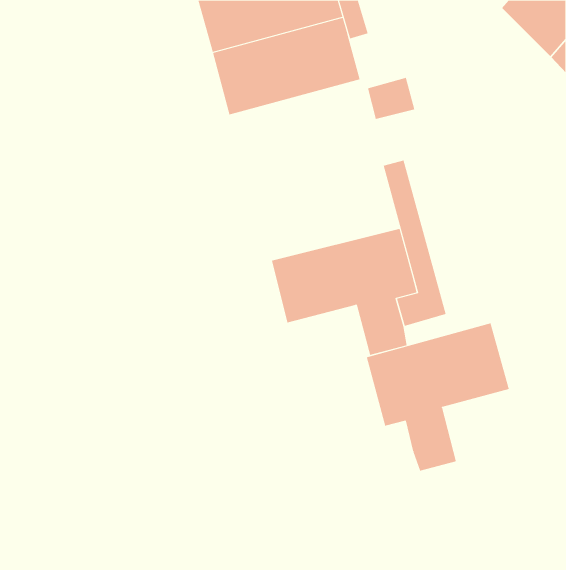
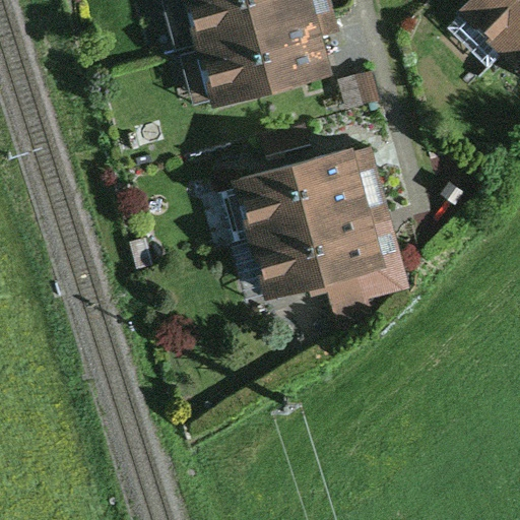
building: none -> [231,146,365,238]
building: [366,322,509,471] -> none

